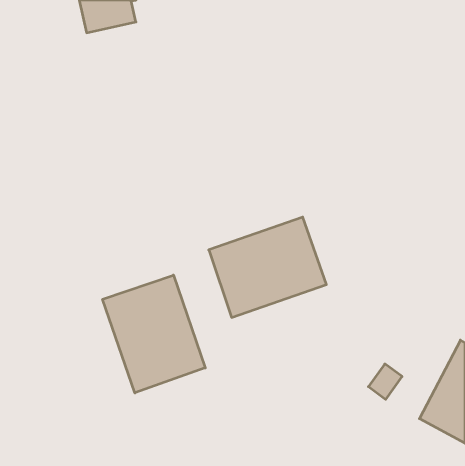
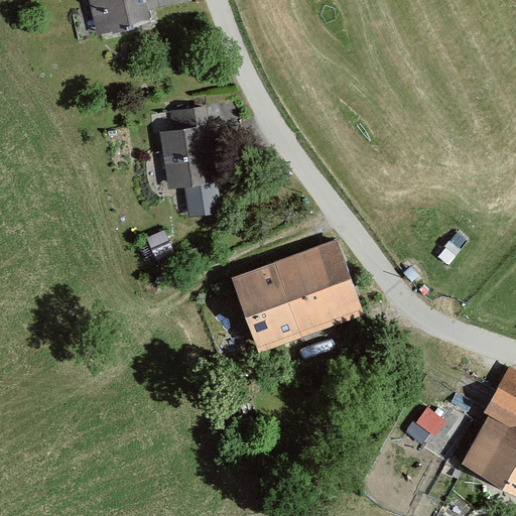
building: none -> [158,104,220,213]
building: [103,275,205,393] -> none

